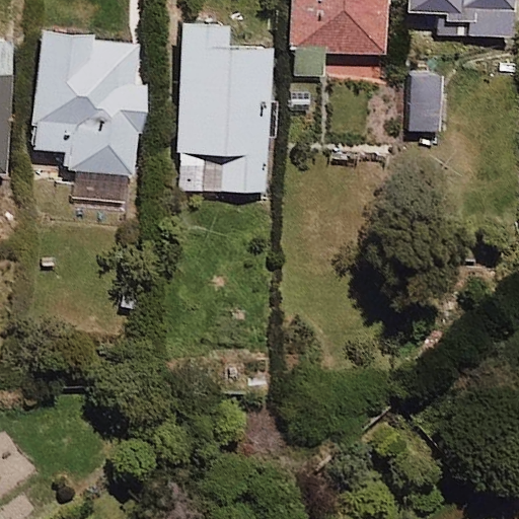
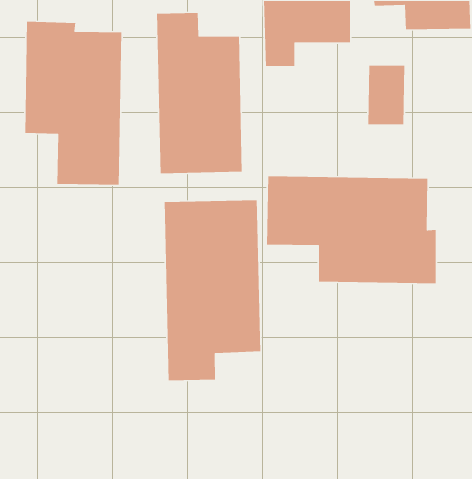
building: none -> [266,176,437,284]
building: none -> [164,199,261,381]

